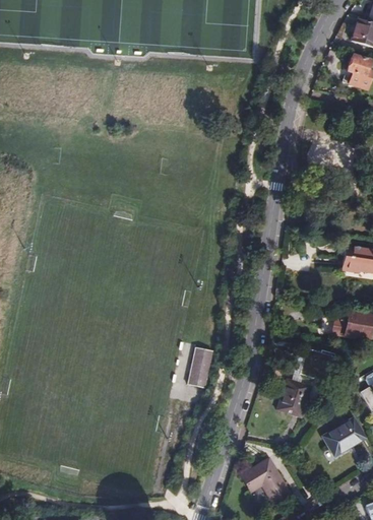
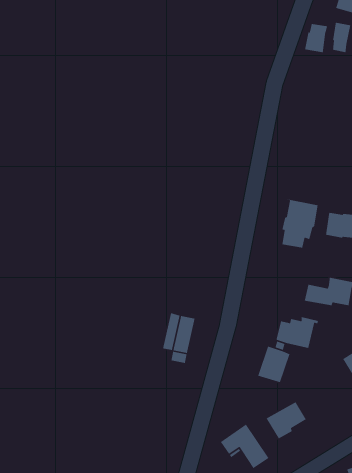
building: none -> [304,23,328,53]
building: none -> [281,198,319,249]
building: [322,416,364,455] -> [265,401,307,440]

